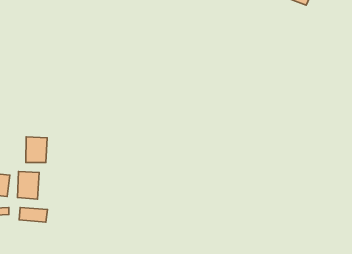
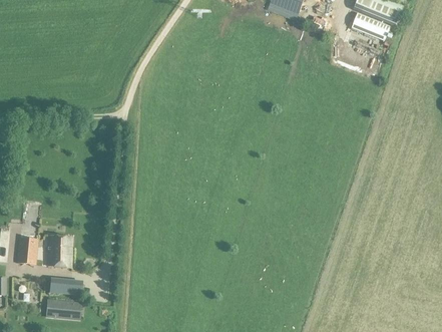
building: [26,137,47,163] -> none
building: none -> [46,299,80,319]

